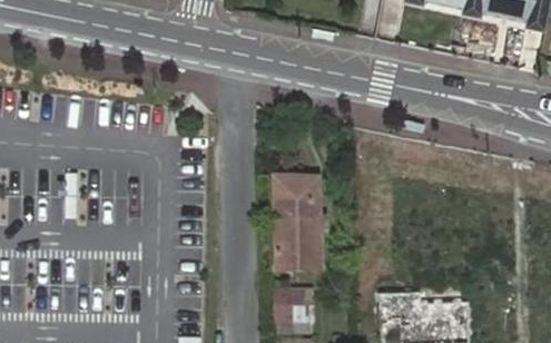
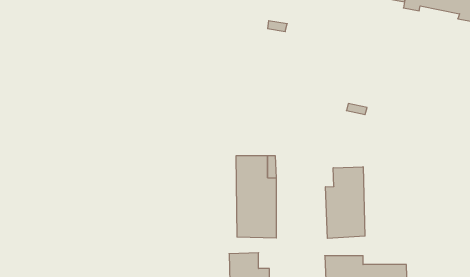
building: none -> [326,167,365,238]

